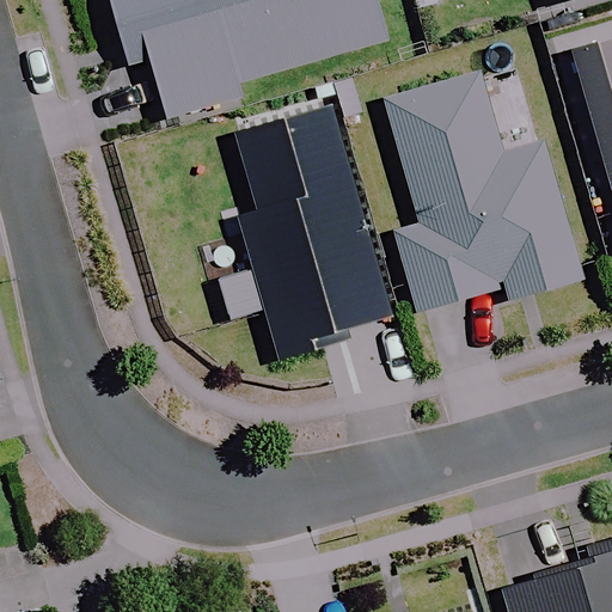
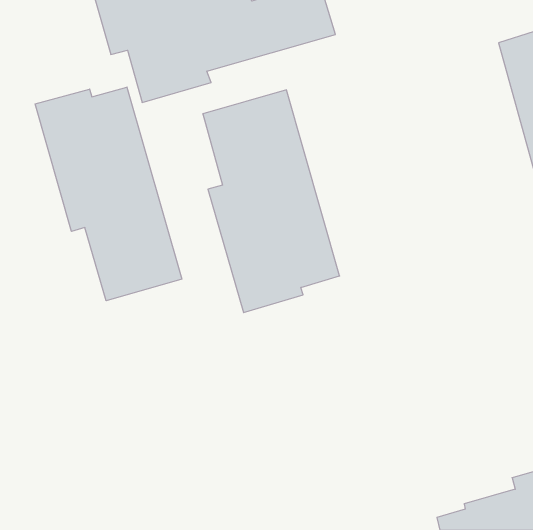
building: [384,72,581,310] -> none
building: none -> [35,87,182,301]

